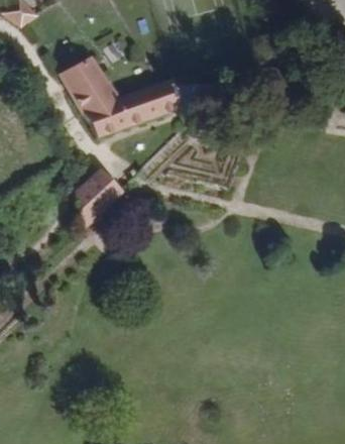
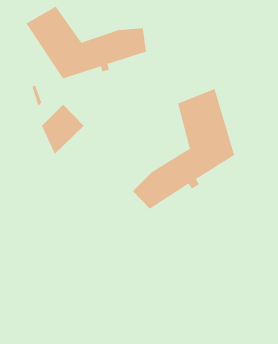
building: none -> [132,88,235,210]

